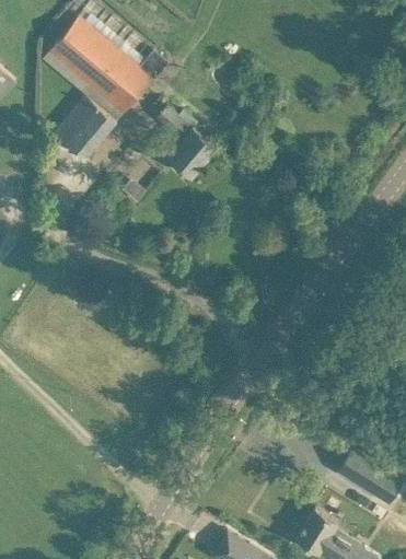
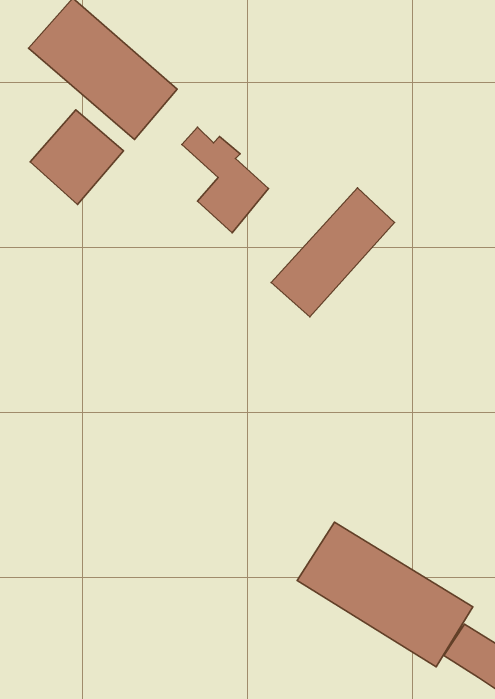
building: none -> [271,188,395,317]
building: none -> [297,522,473,667]

